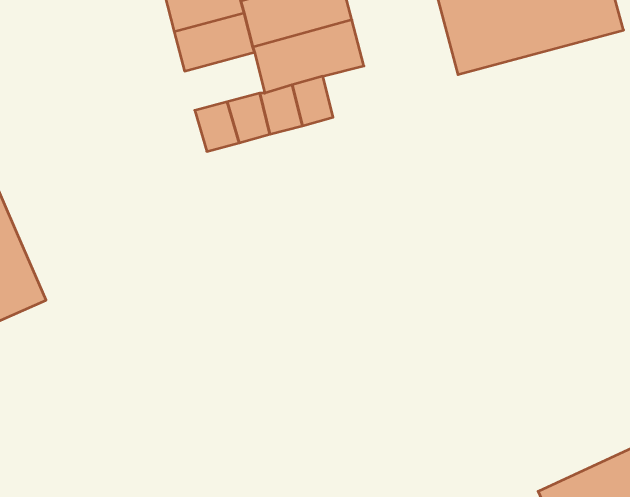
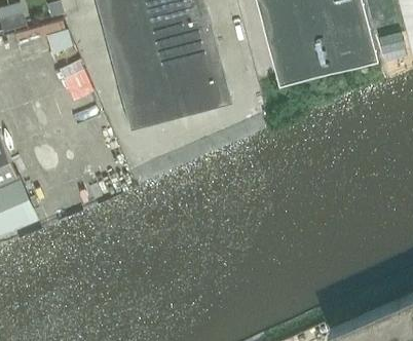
building: none -> [116,68,164,103]
building: none -> [199,76,231,107]

